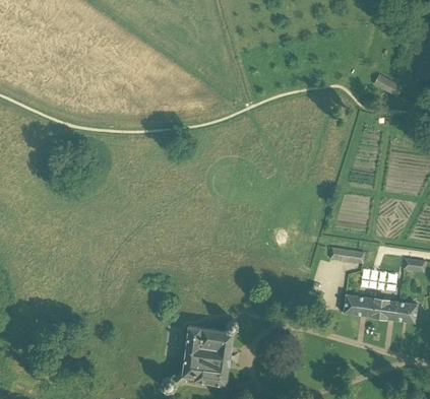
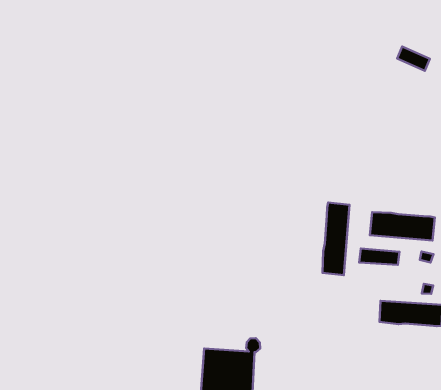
building: none -> [322,202,350,275]
building: none -> [370,212,435,240]

